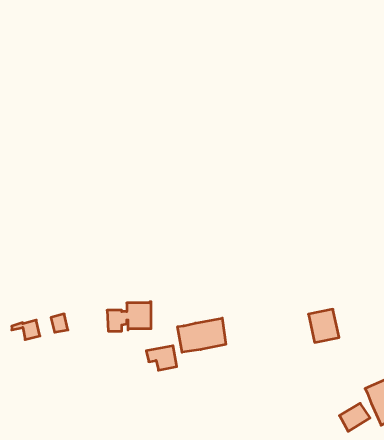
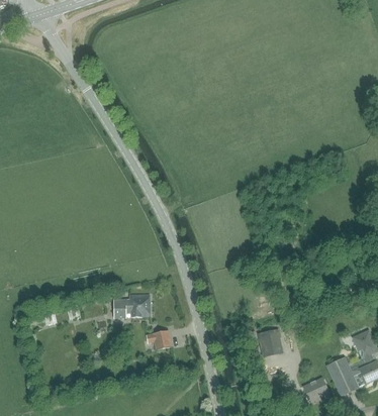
building: [308,309,339,342] -> [258,328,283,355]
building: [178,318,226,352] -> none

